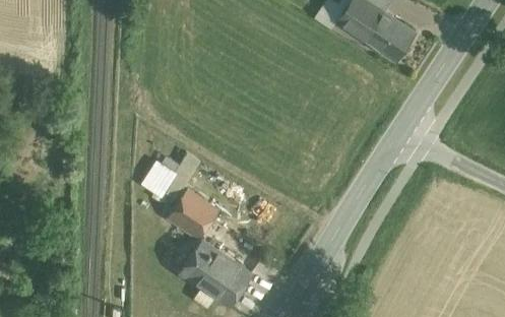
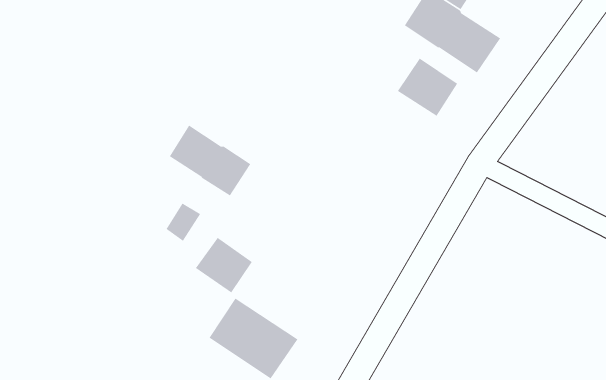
building: none -> [397,57,458,117]
building: none -> [169,125,251,196]

